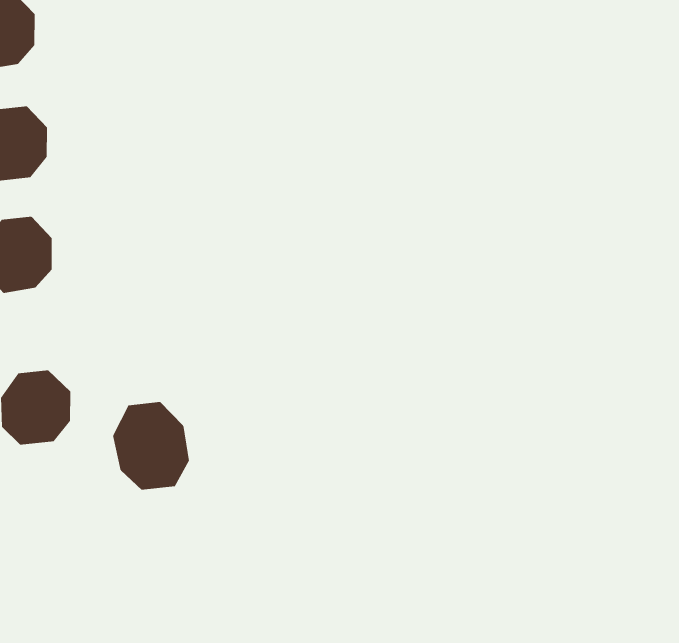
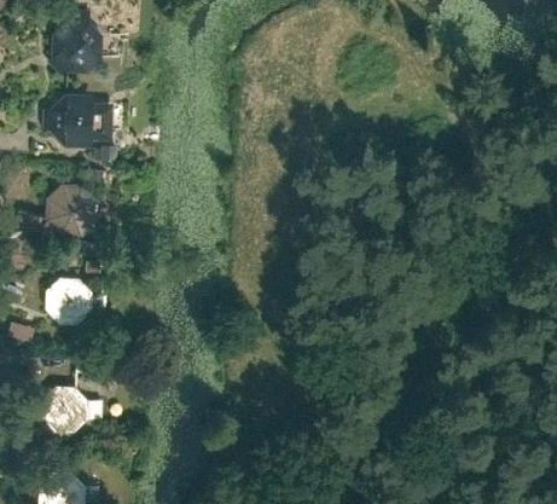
building: [113,401,190,491] -> none
building: none -> [47,388,92,436]

